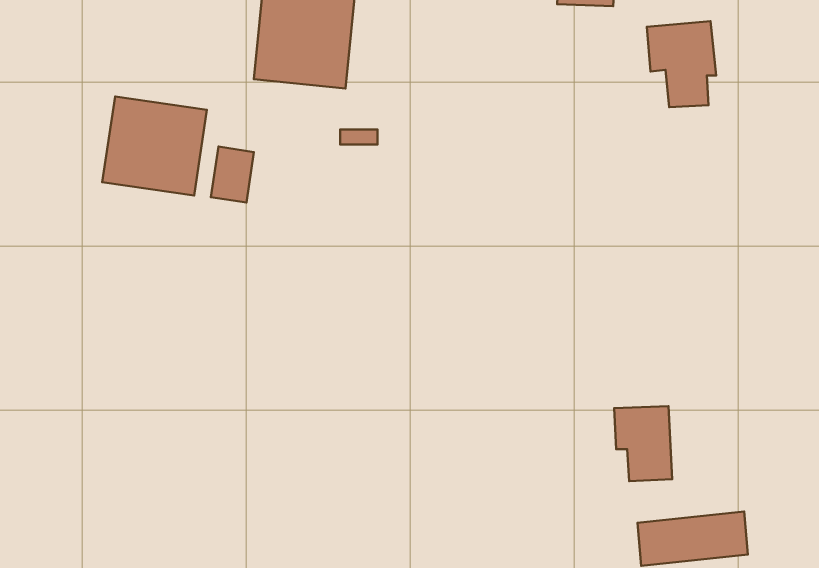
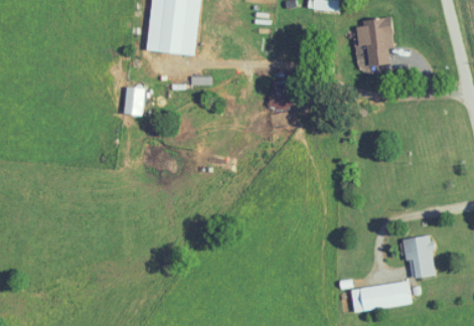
building: [102,97,207,196] -> none
building: [614,406,672,481] -> [404,236,435,277]

